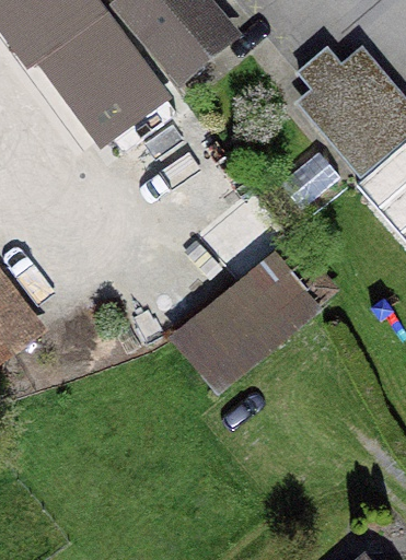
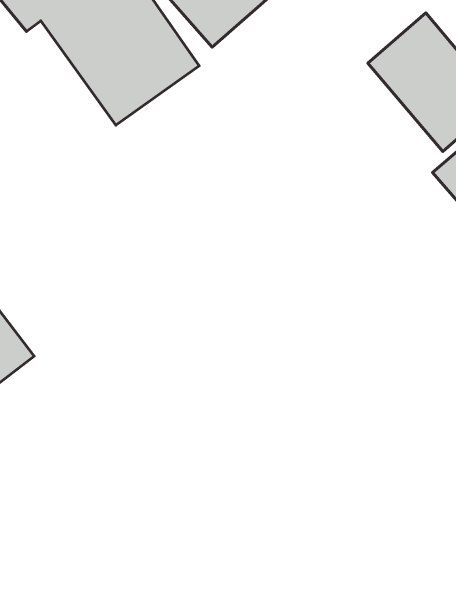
building: [176,259,309,383] -> none

